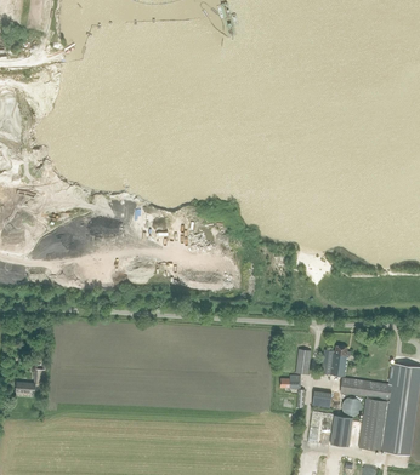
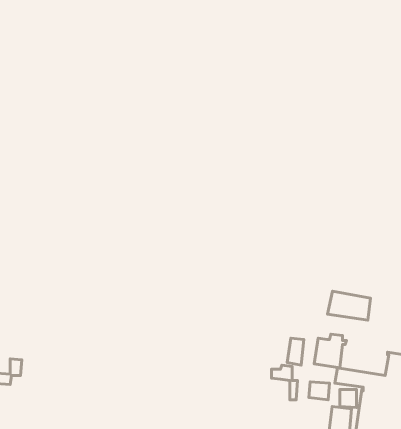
building: none -> [328,291,371,320]

